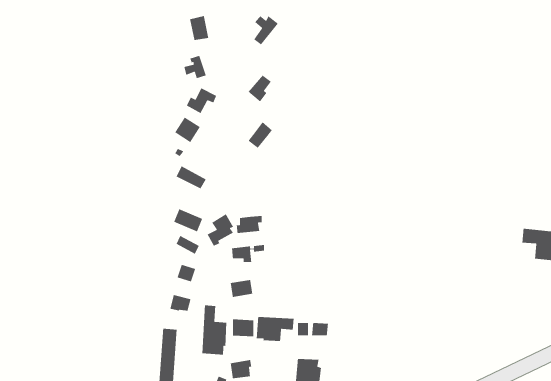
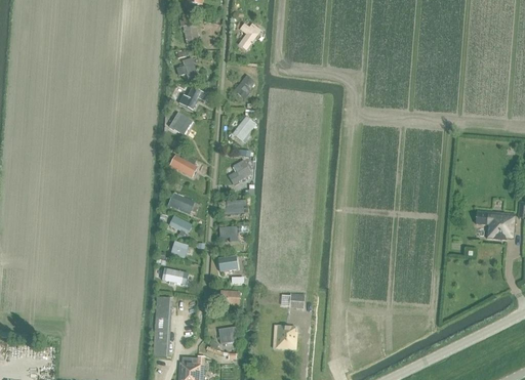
building: [206,213,234,247] -> [228,157,252,186]
building: [202,304,227,356] -> none
building: [256,316,294,342] -> none

